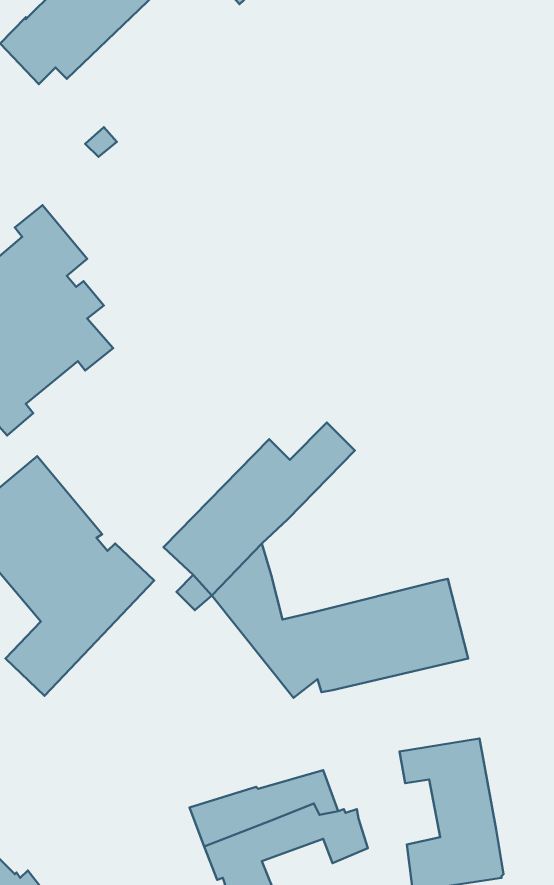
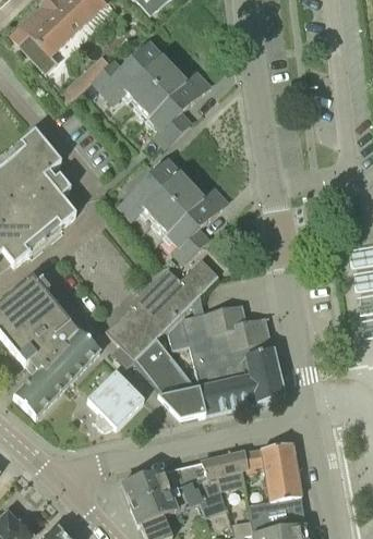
building: none -> [92,44,209,145]
building: none -> [120,160,228,261]
building: none -> [165,304,269,368]
building: none -> [89,366,144,428]
building: none -> [201,450,249,489]

